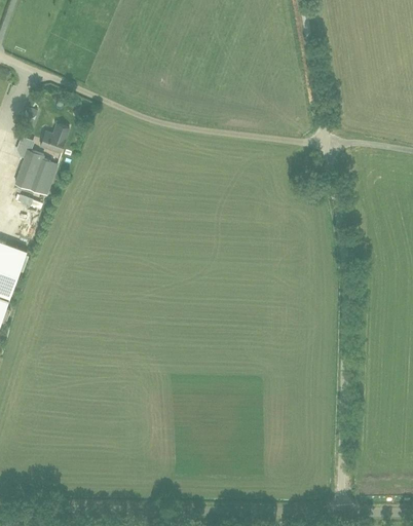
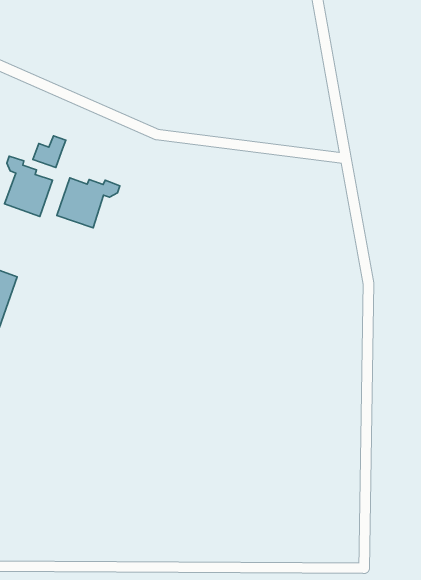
building: none -> [57,178,120,228]

